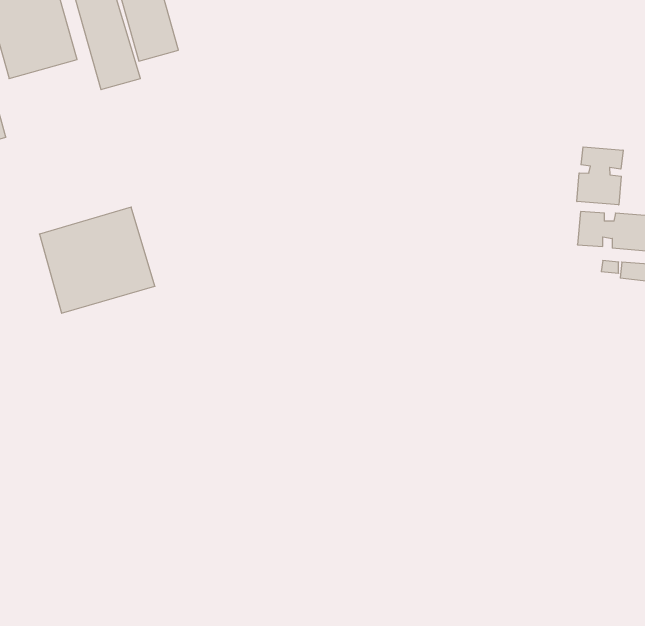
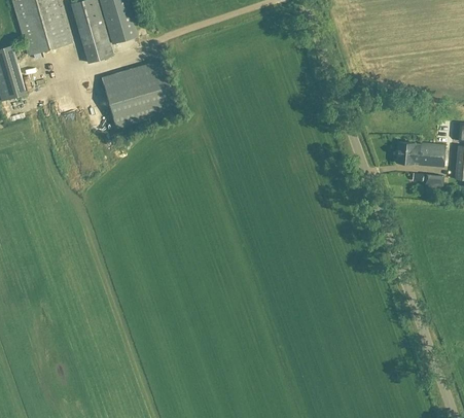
building: [577,147,623,205] -> none
building: [39,207,155,313] -> [101,60,176,129]

